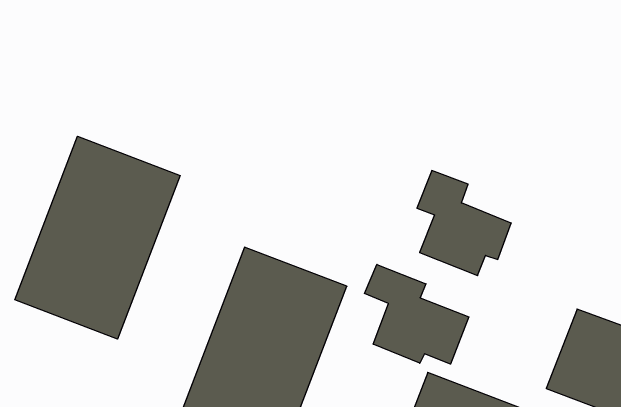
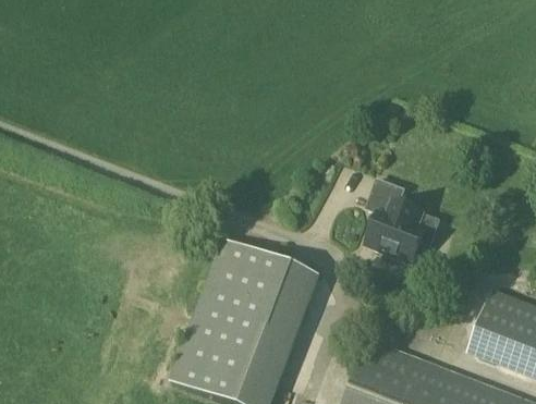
building: [15,136,180,339] -> none
building: [365,264,469,364] -> none

